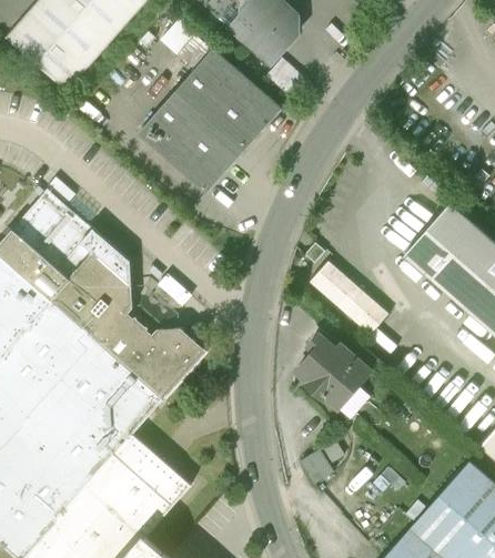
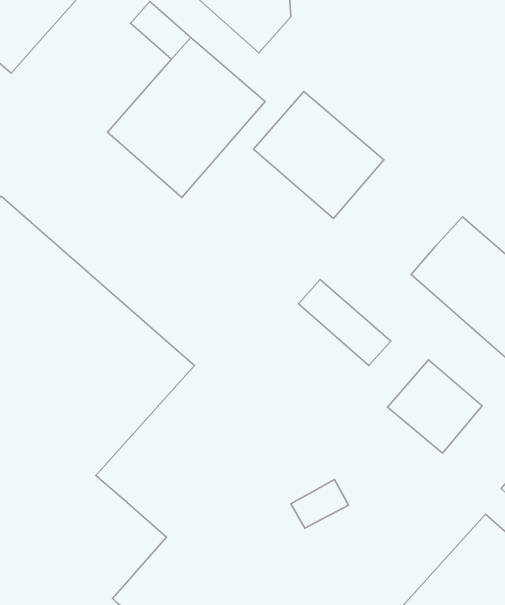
building: none -> [253,92,384,219]
building: [289,334,371,415] -> [387,360,482,453]

